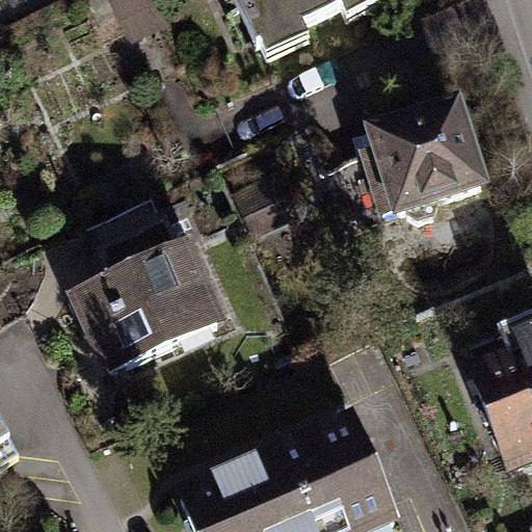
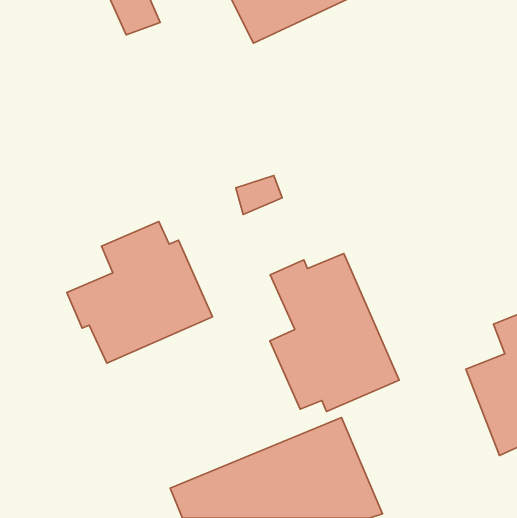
building: [350,108,490,222] -> none
building: none -> [270,254,399,411]

